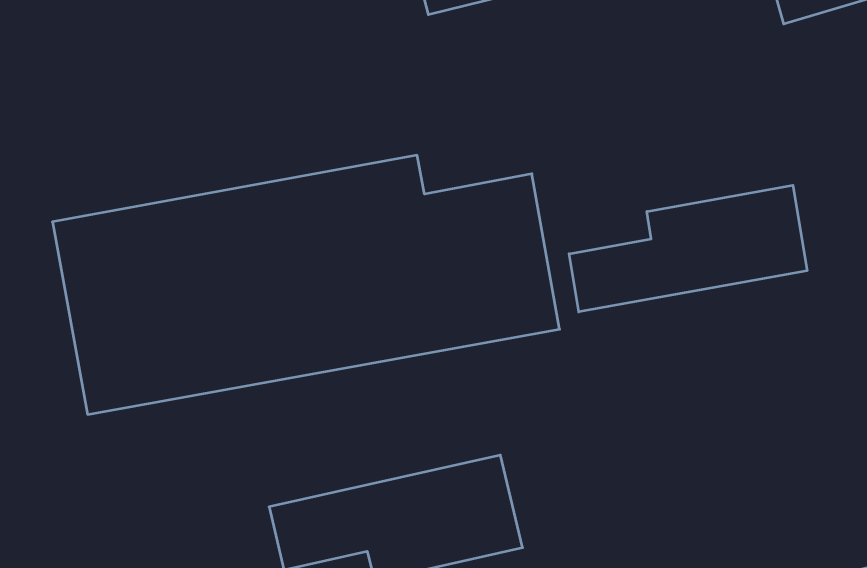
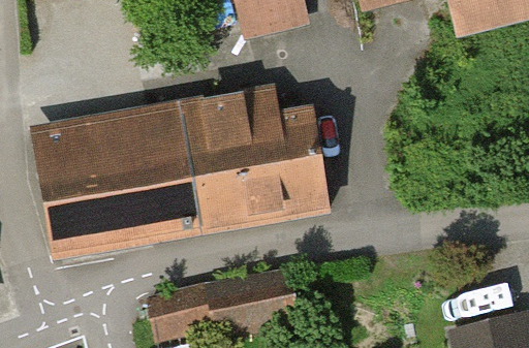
building: [569,185,807,312] -> none

